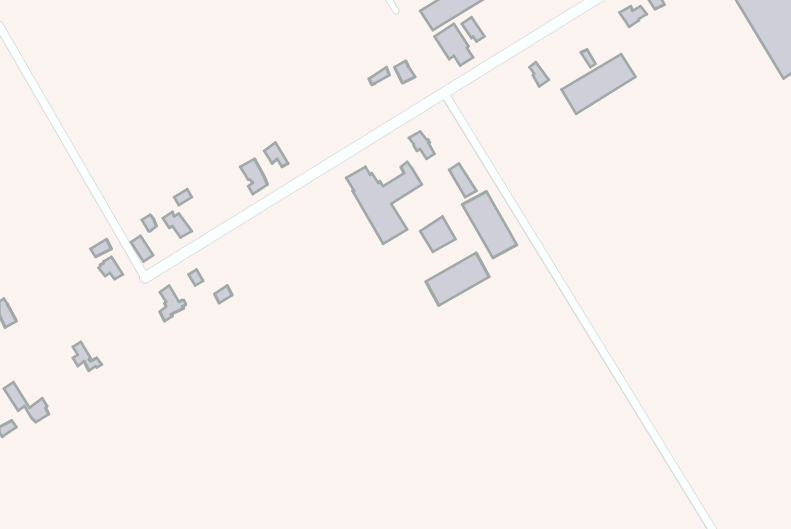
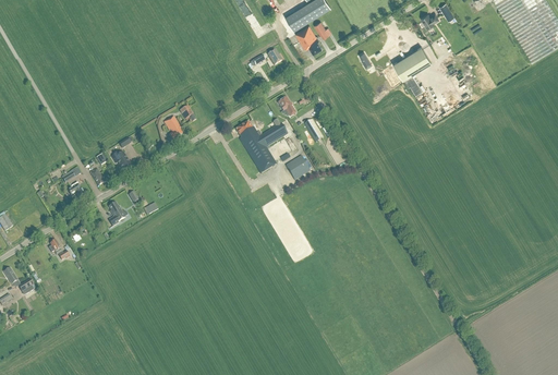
building: [462,192,517,258] -> none
building: [426,253,489,306] -> none

